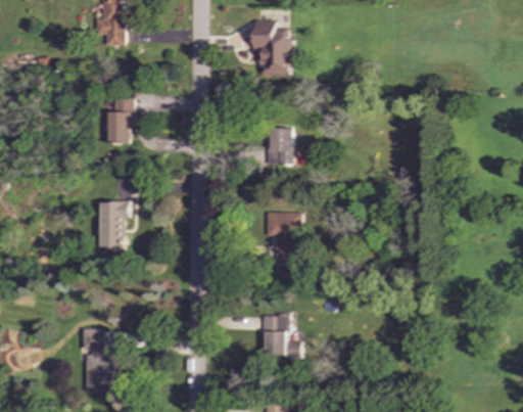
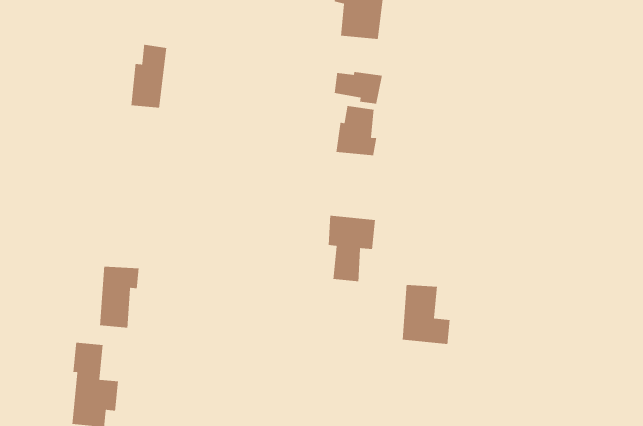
building: none -> [334,71,383,104]
building: [100,200,128,247] -> [99,266,140,329]
building: [264,315,300,359] -> [402,284,451,345]

